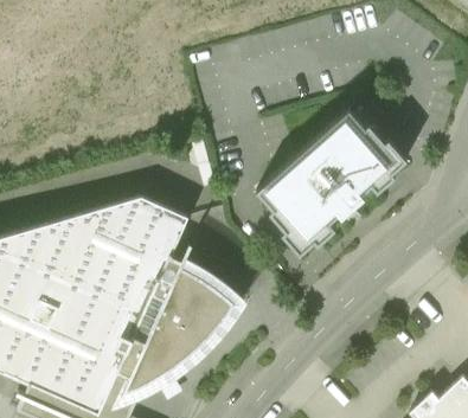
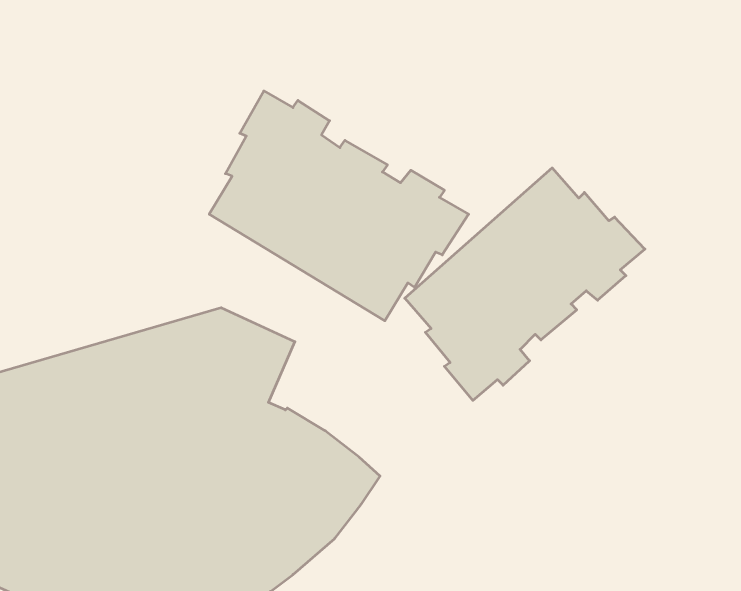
building: none -> [209,91,469,321]

